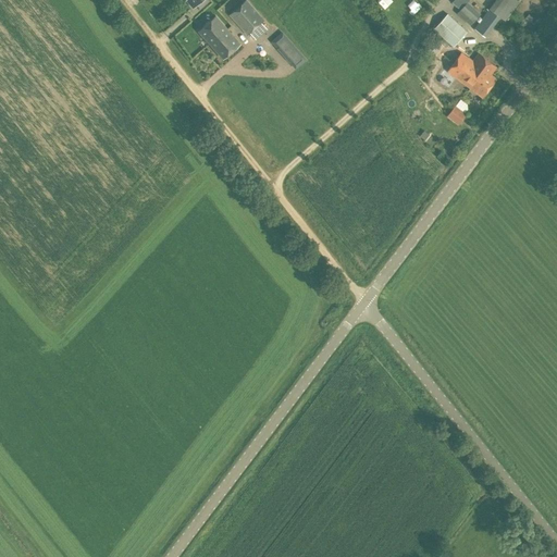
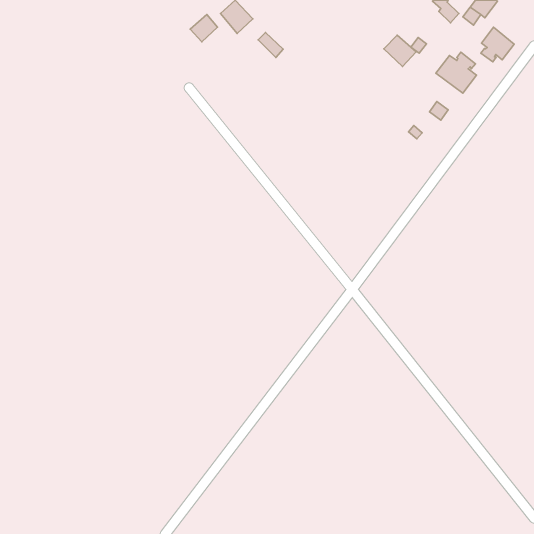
building: [433,14,467,47] -> [384,35,416,66]
building: [210,28,239,59] -> none
building: none -> [481,27,514,62]

